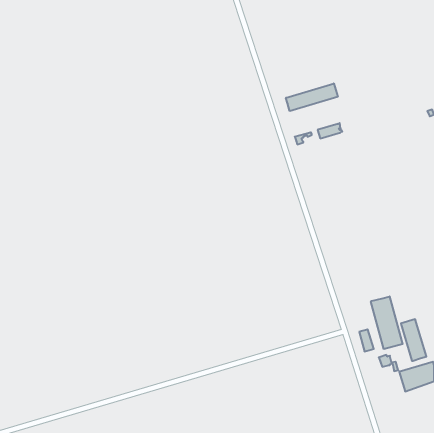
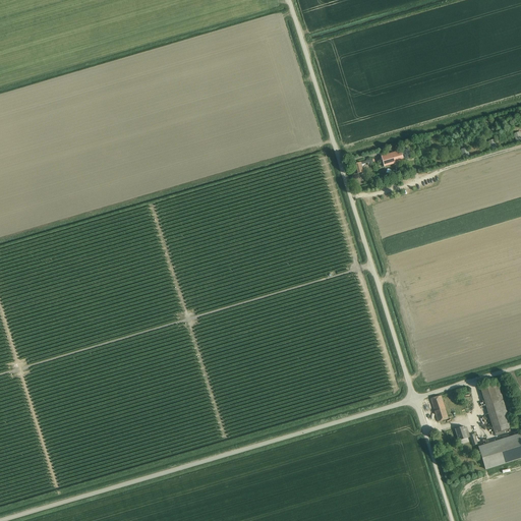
building: [286,83,338,111] -> none
building: [371,296,403,349] -> none

